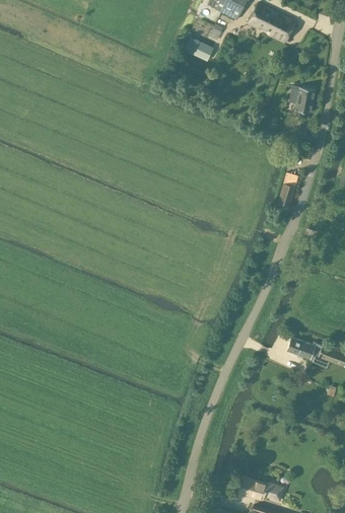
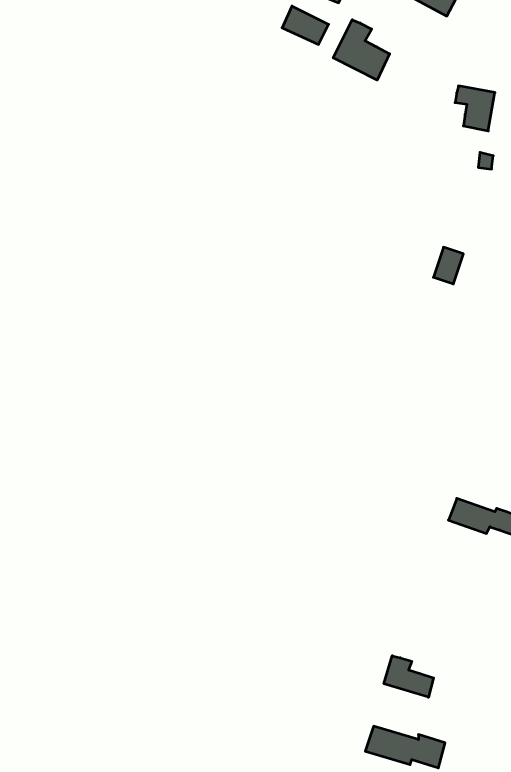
building: none -> [333,20,390,80]
building: none -> [384,656,434,697]

